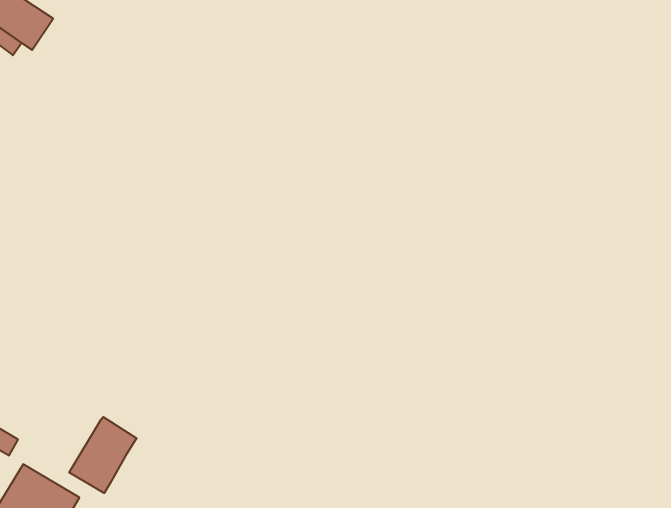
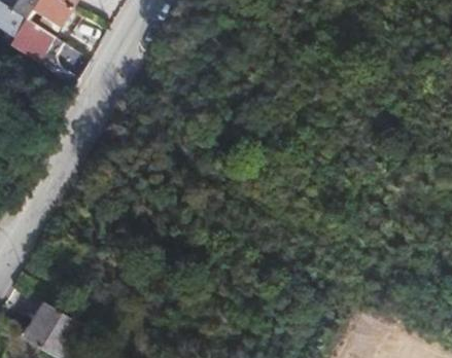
building: [69,417,137,493] -> none

